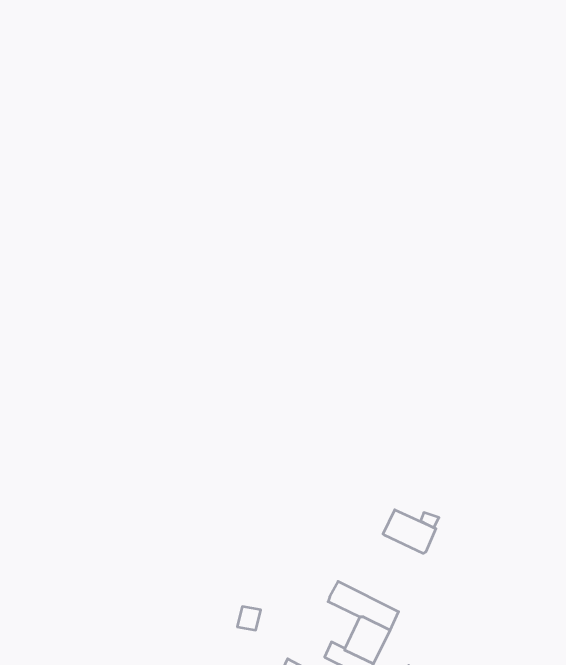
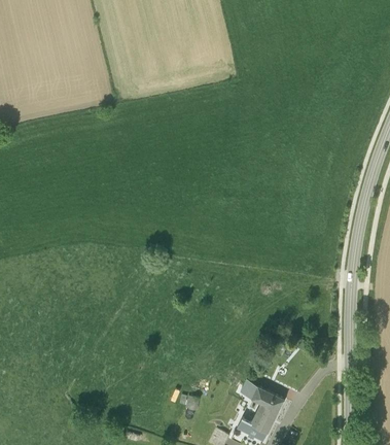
building: [383,510,436,553] -> none

